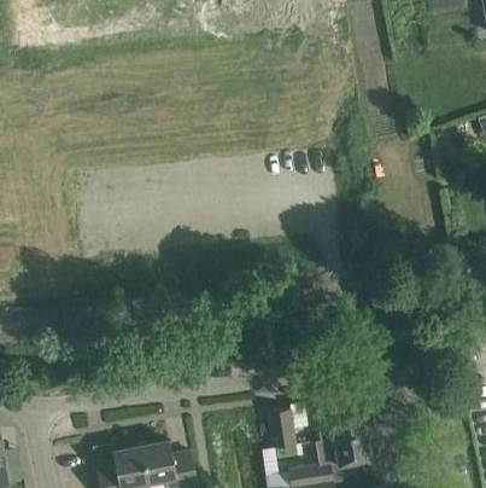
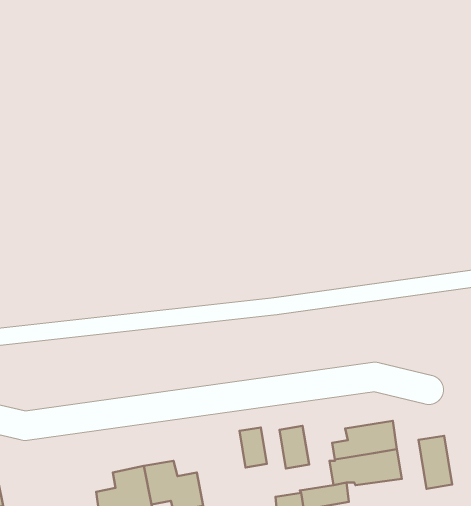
building: none -> [239,427,267,468]
building: none -> [418,436,452,489]

